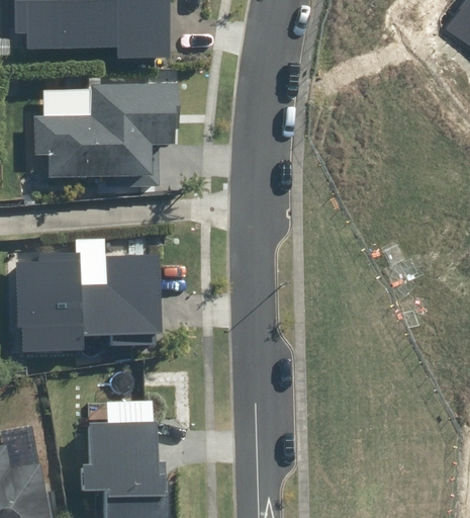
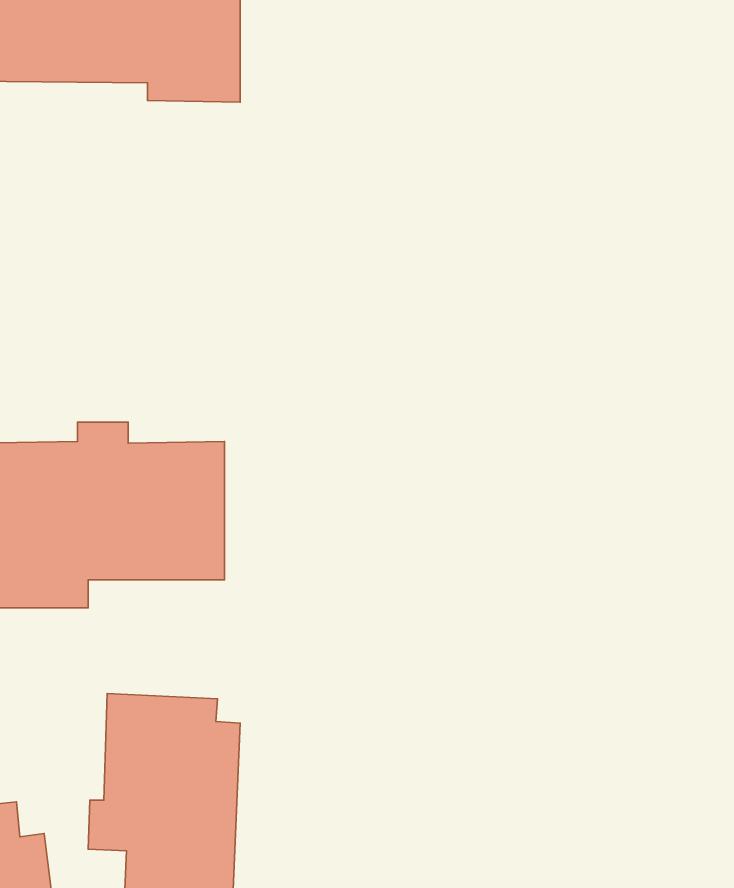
building: [35,82,176,188] -> none

